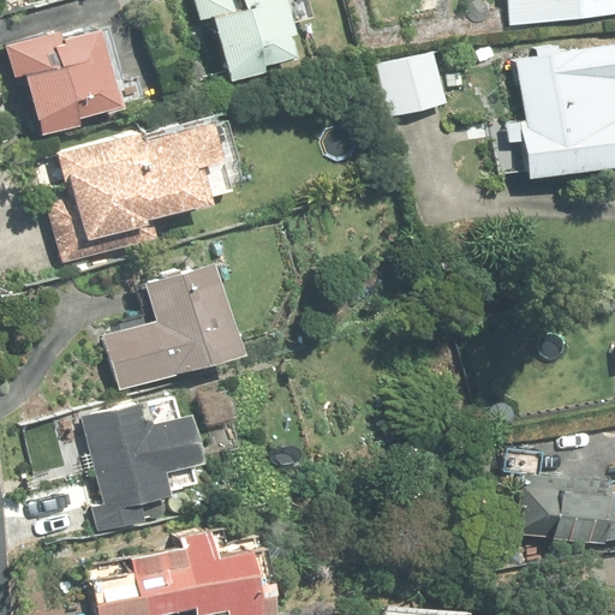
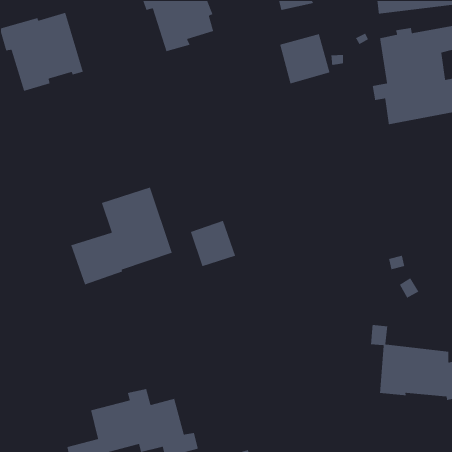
building: [49,117,222,267] -> none
building: none -> [190,220,236,267]
building: [83,400,201,535] -> none

